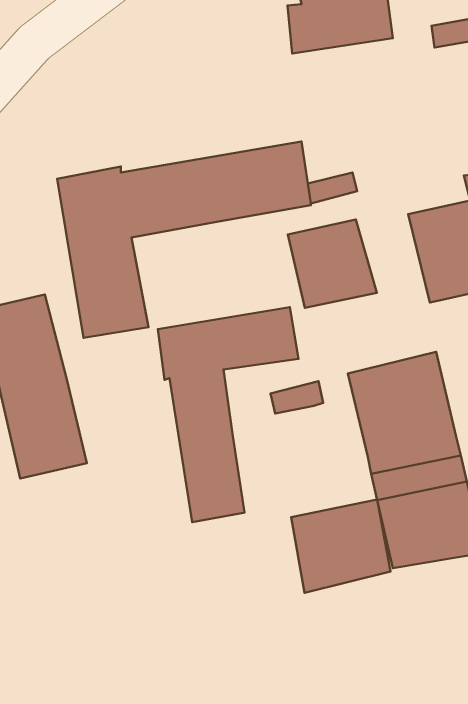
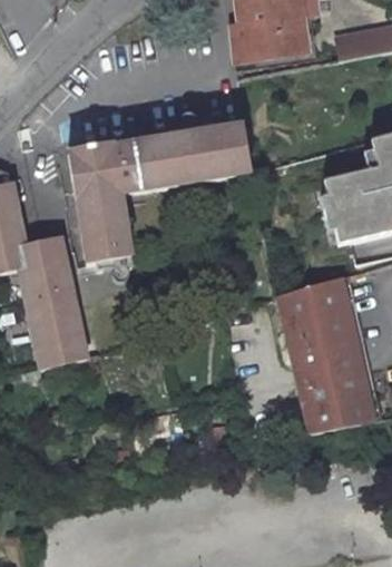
building: [288,220,377,308] -> none
building: [158,307,298,522] -> none
building: [291,500,391,593] -> none

